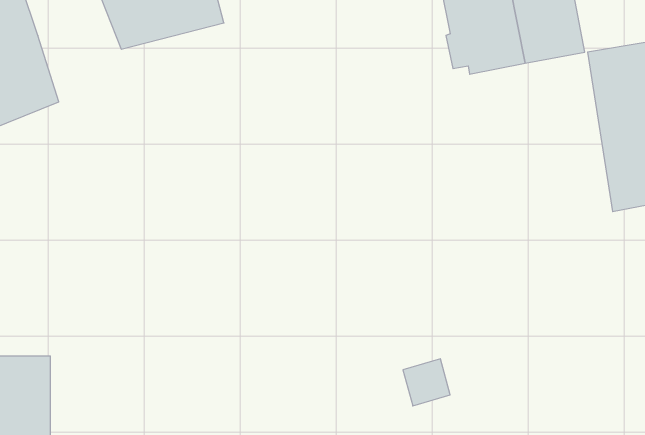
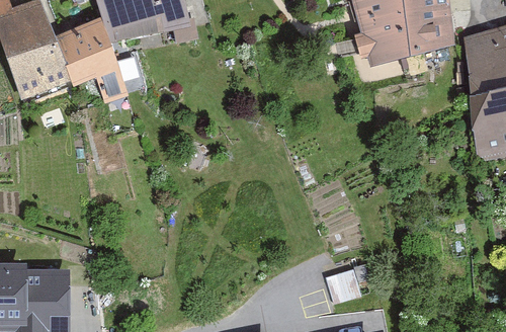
building: none -> [60,17,136,107]

